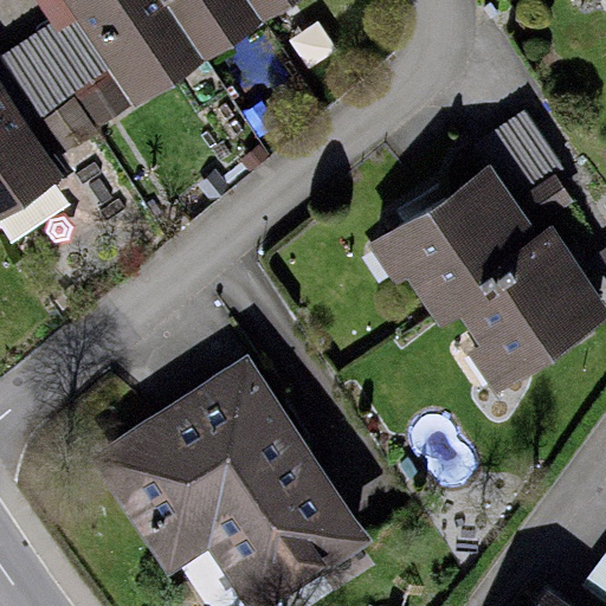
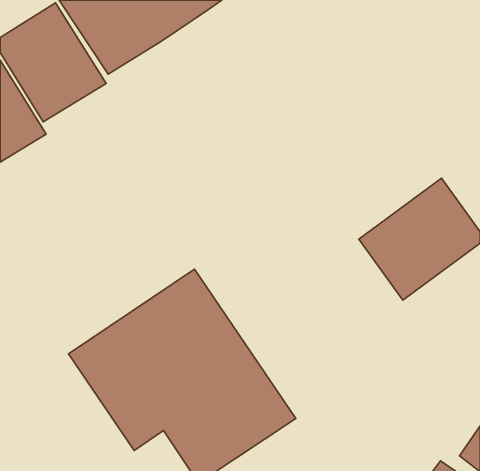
building: [375,168,547,328] -> none

